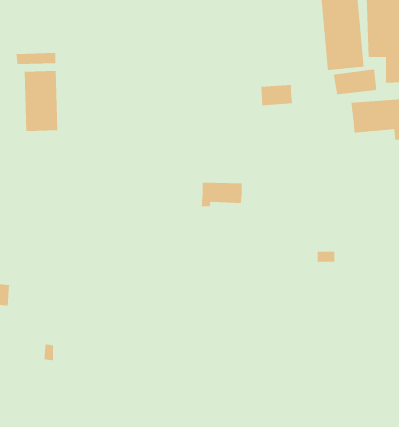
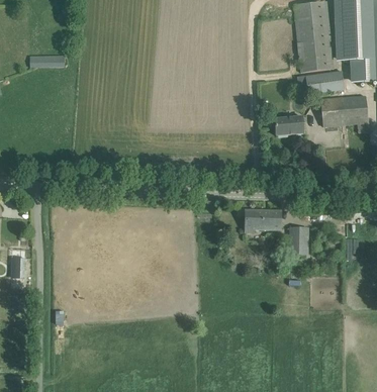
building: [24,70,58,132] -> none
building: [260,84,293,106] -> [275,115,303,134]
building: [201,182,243,207] -> [245,209,281,231]

